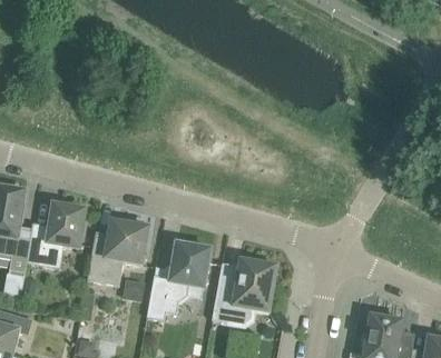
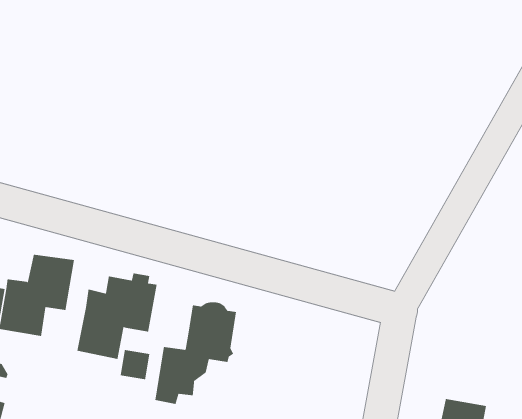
building: [212,259,277,325] -> none

